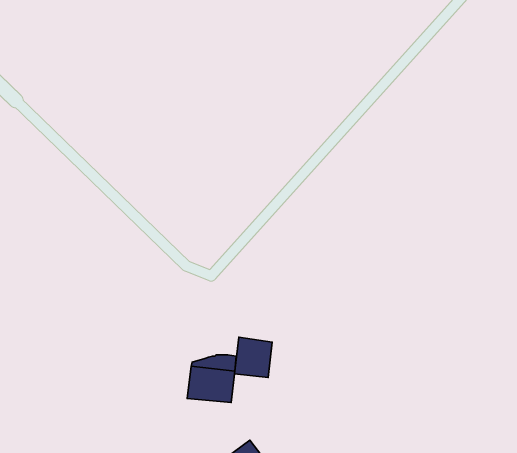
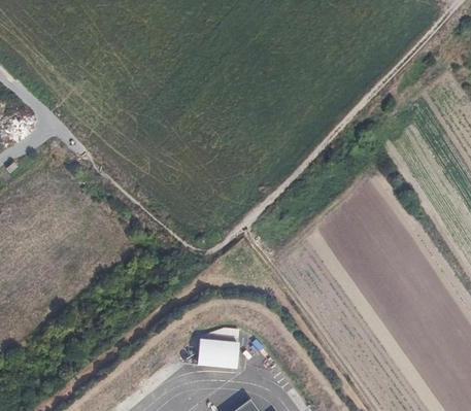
building: [235,337,272,378] -> none

